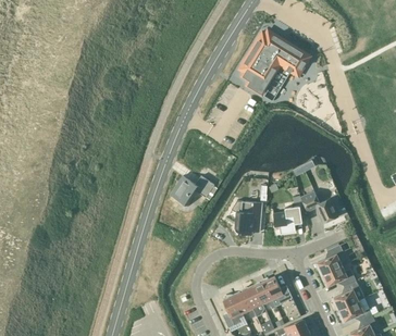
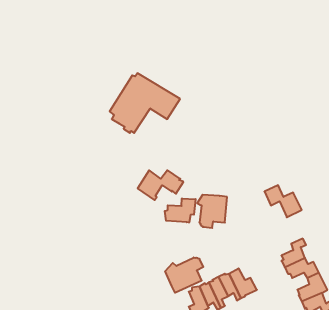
building: [239,30,311,91] -> [110,73,180,133]
building: none -> [165,198,196,223]
building: [272,207,302,234] -> none
building: none -> [165,257,203,293]

